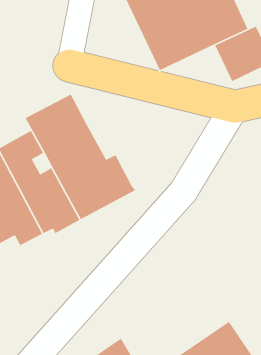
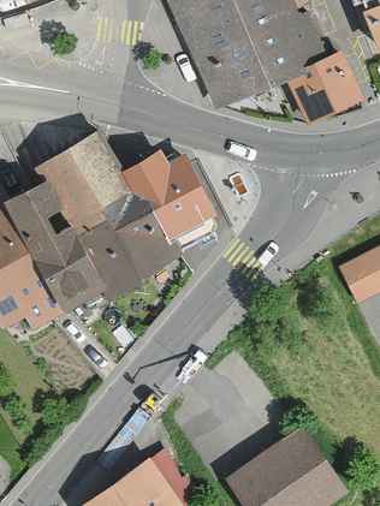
building: none -> [120,154,219,255]

